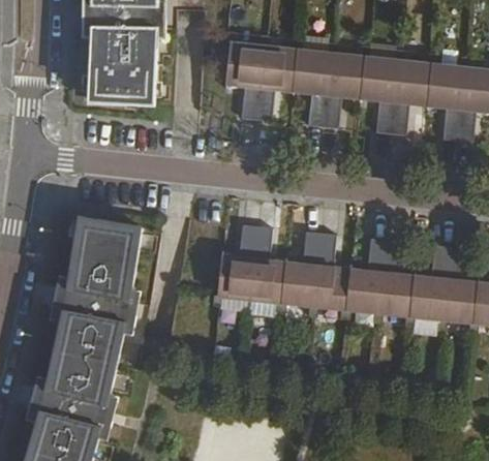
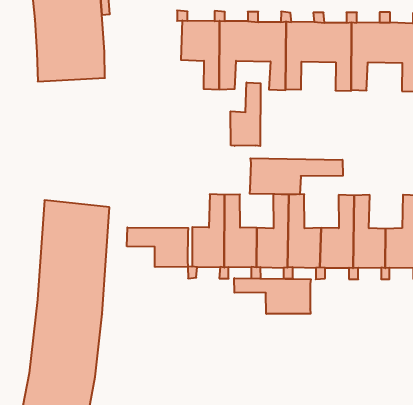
building: none -> [231,82,261,146]
building: none -> [250,158,343,194]
building: none -> [127,227,188,267]
building: none -> [234,278,311,314]

